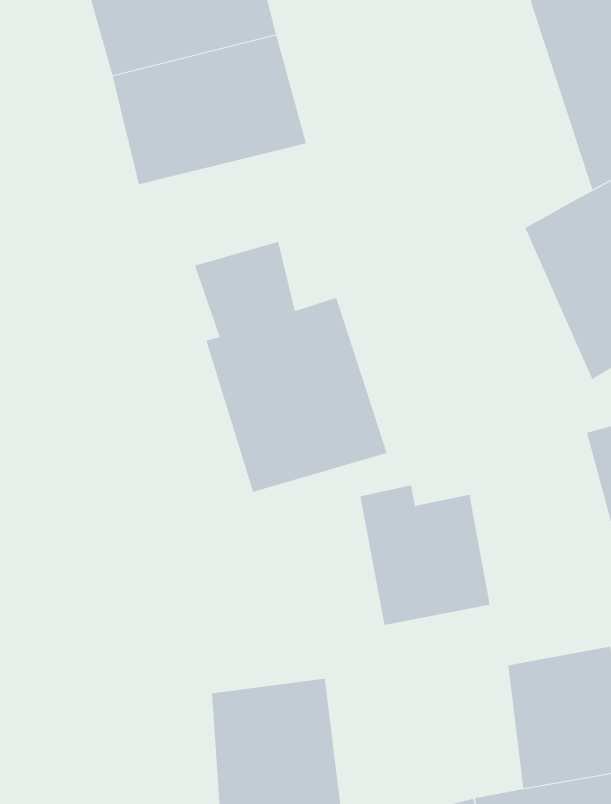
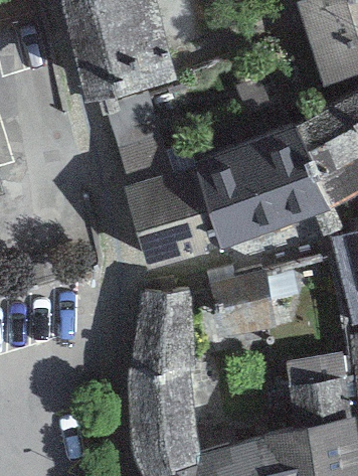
building: none -> [196,128,333,249]
building: none -> [129,289,196,377]

